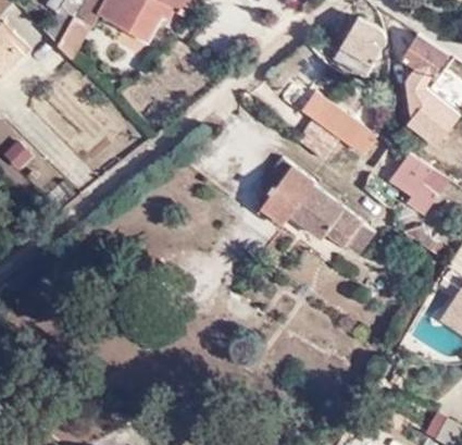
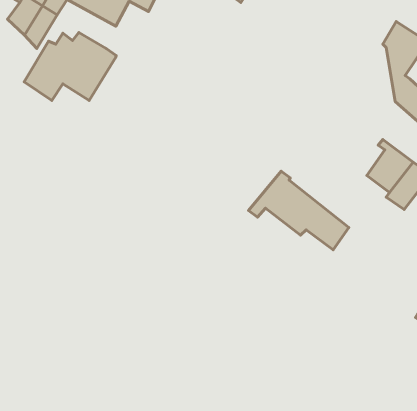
building: [335,18,383,76] -> none
building: none -> [24,32,116,100]
building: [299,92,377,158] -> none
building: [259,158,307,215] -> none

